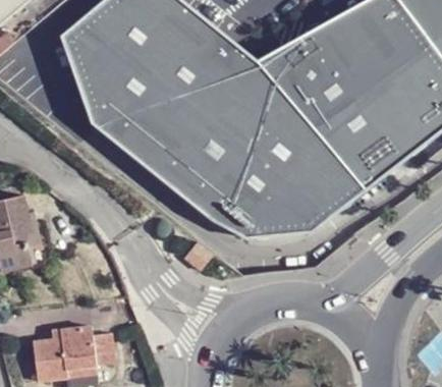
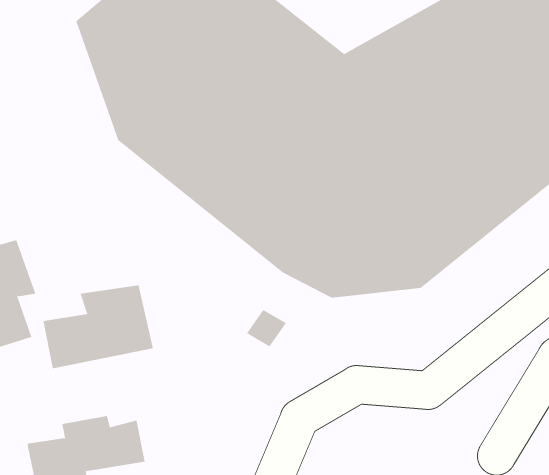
building: none -> [43,284,153,369]

